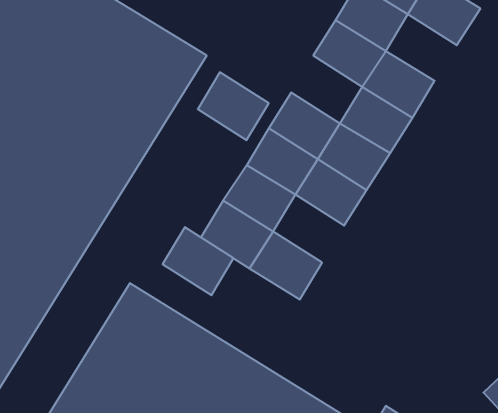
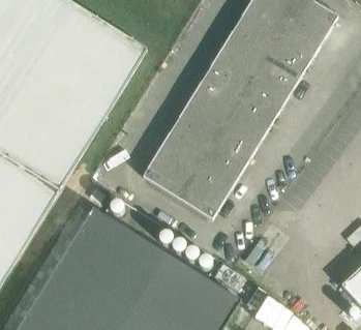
building: none -> [272,19,322,65]
building: [198,72,269,140] -> [206,48,255,95]
building: [163,227,234,295] -> [193,145,243,192]

